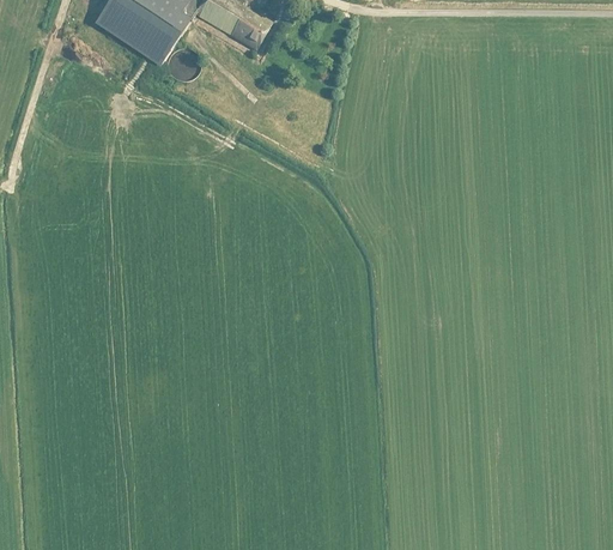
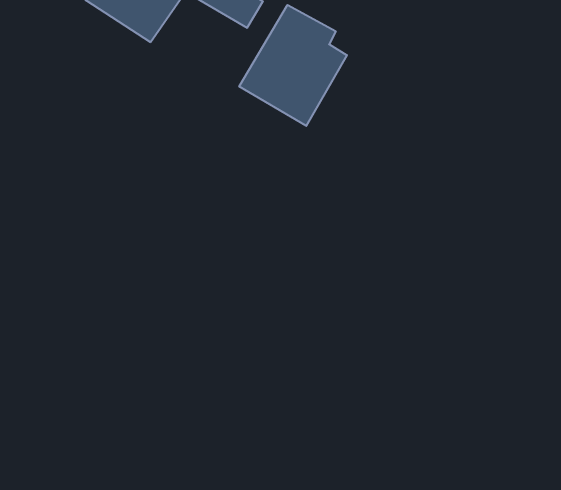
building: none -> [239,5,347,126]

